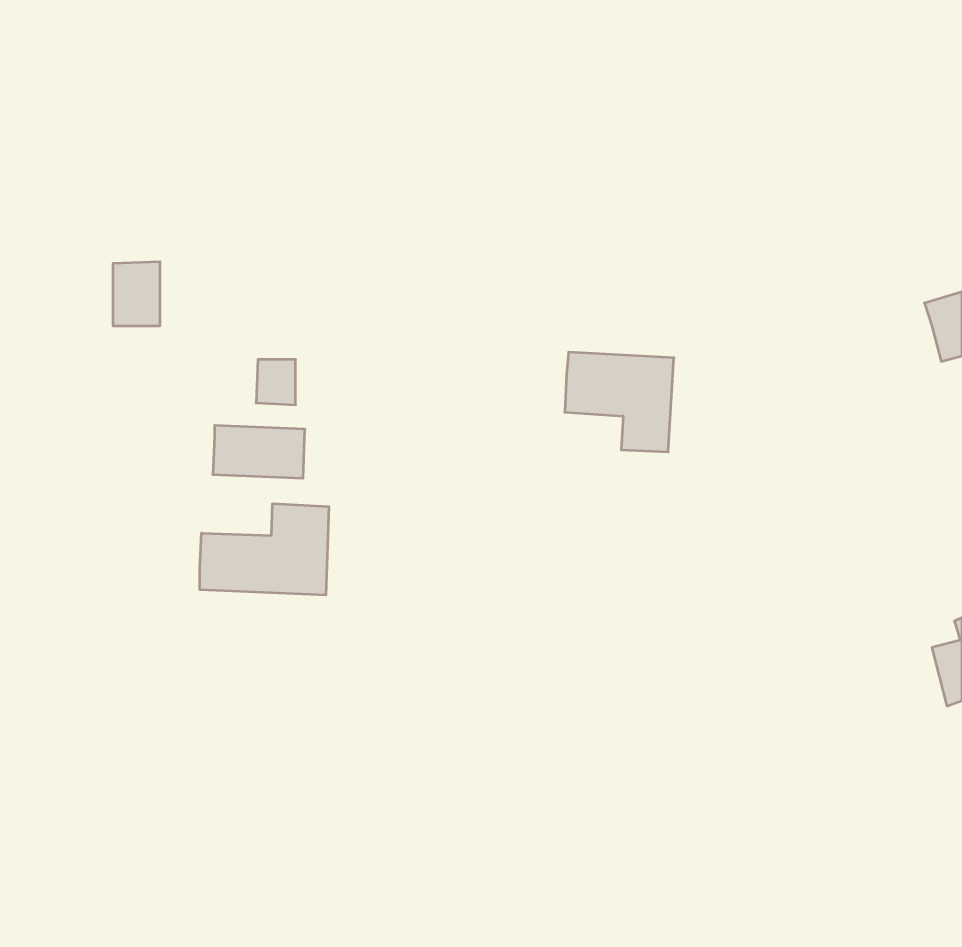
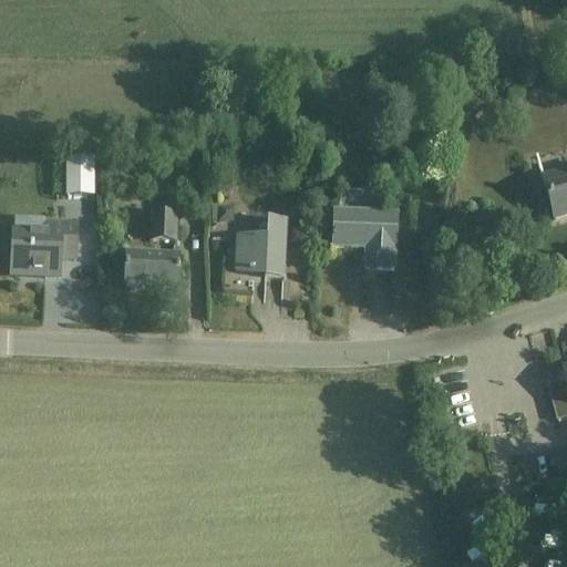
building: none -> [11,219,76,271]
building: none -> [236,226,285,274]
building: [200,504,329,595] -> none

